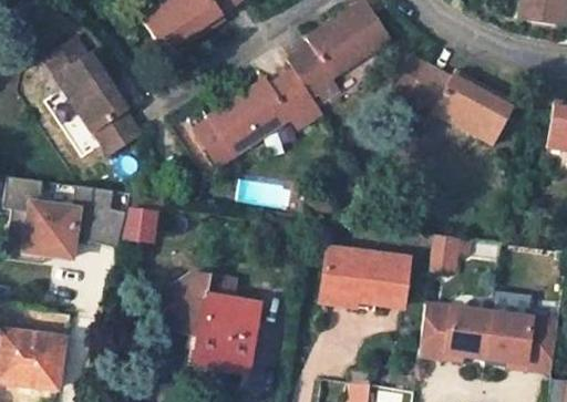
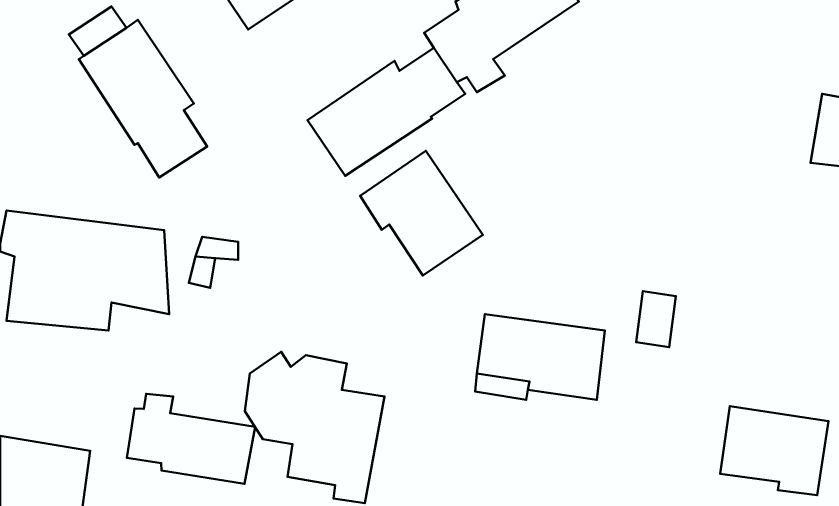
building: [408,63,515,143] -> none
building: none -> [360,151,483,275]
building: [417,301,492,355] -> none
building: none -> [127,394,255,484]

